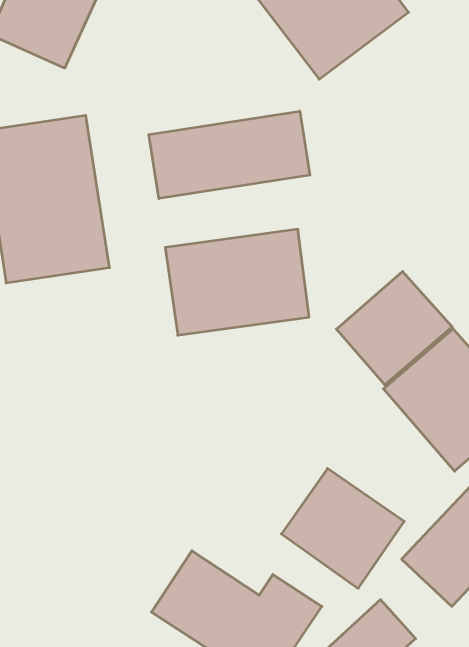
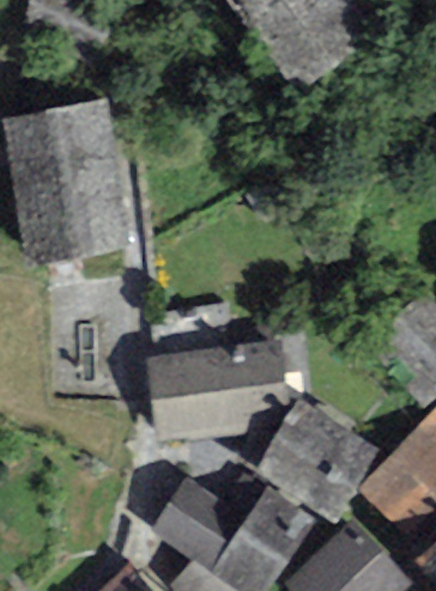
building: [149,111,310,199] -> none
building: [165,229,309,335] -> [155,342,278,433]
building: [336,271,452,385] -> none

